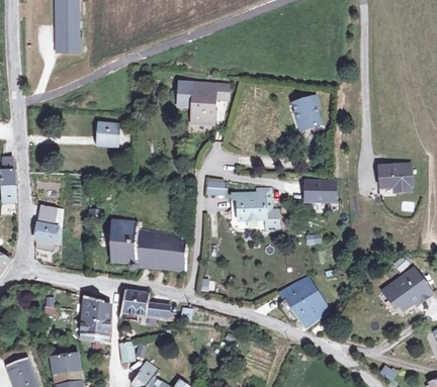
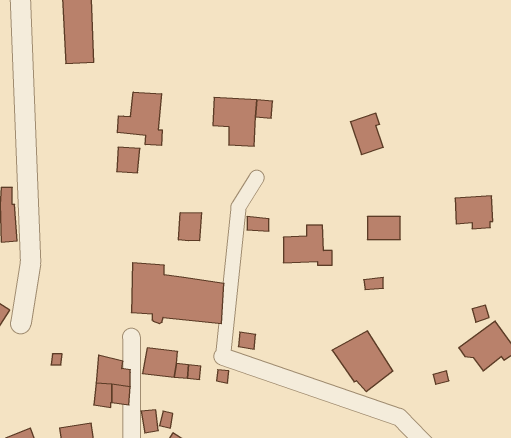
building: none -> [117,92,162,145]
building: none -> [179,213,201,241]
building: [34,204,62,251] -> none

